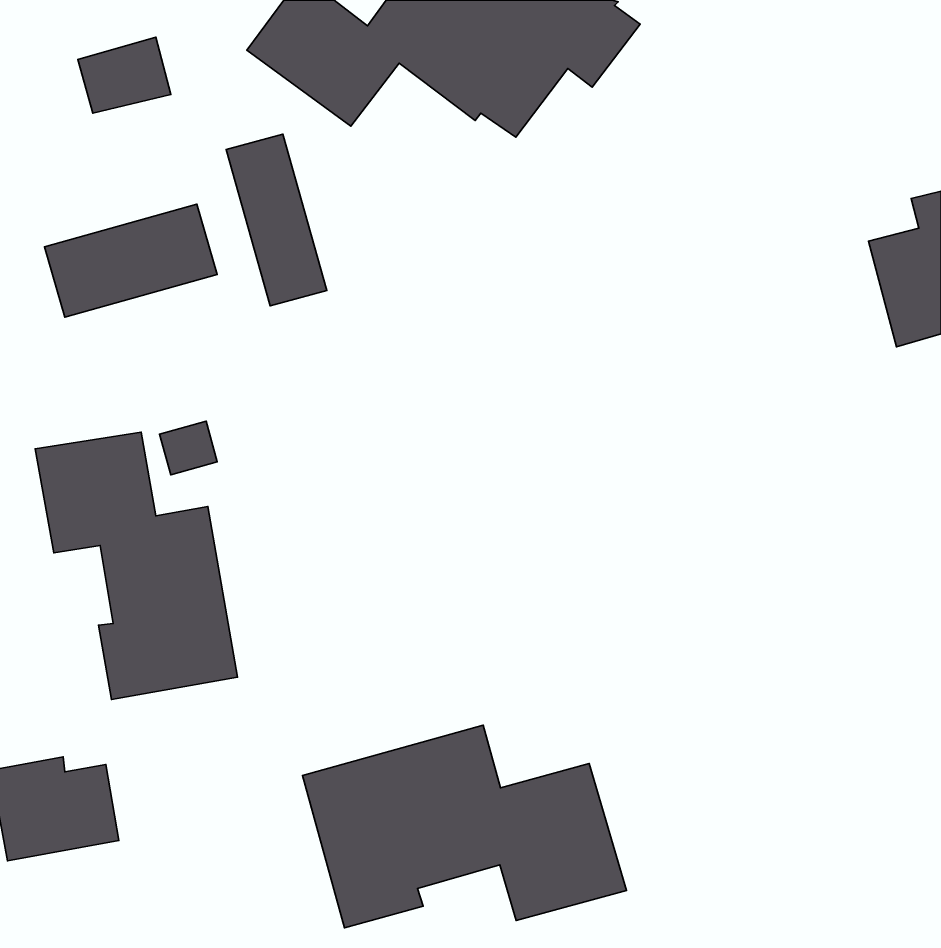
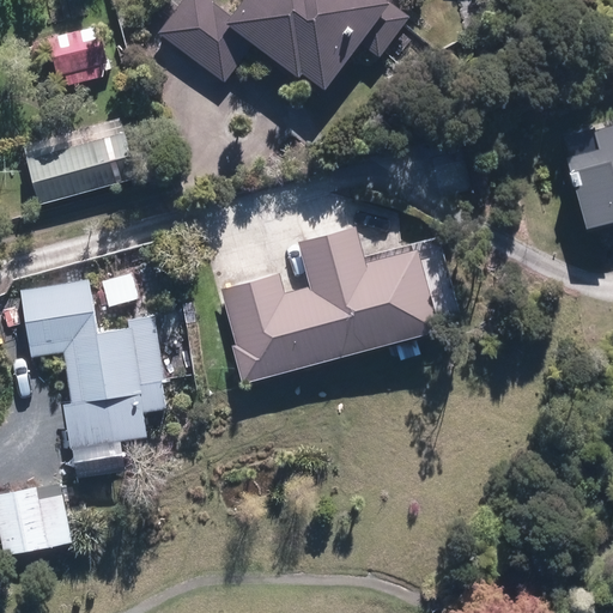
building: [226,134,327,306] -> none
building: none -> [212,225,433,381]
building: [302,725,626,928] -> none

